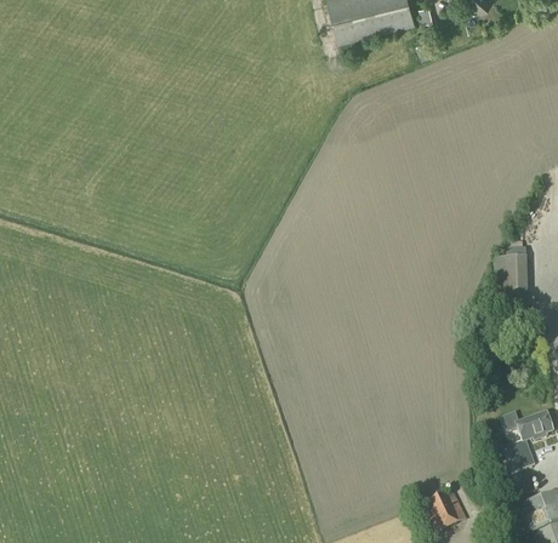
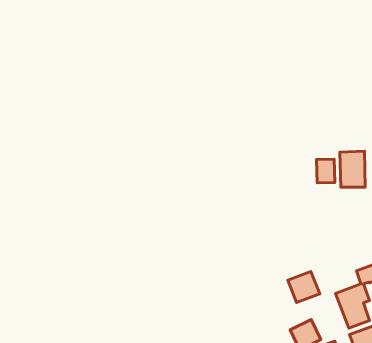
building: none -> [316,159,335,183]
building: none -> [288,271,320,302]

